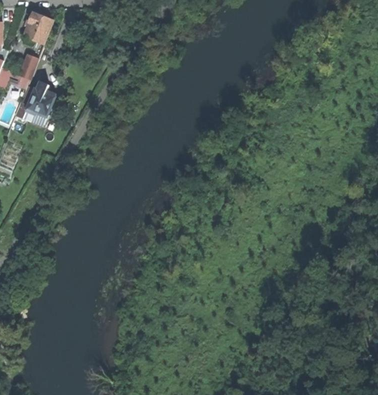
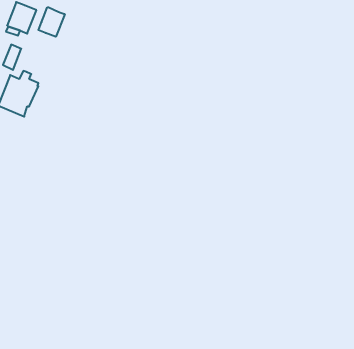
building: none -> [38,7,65,37]

